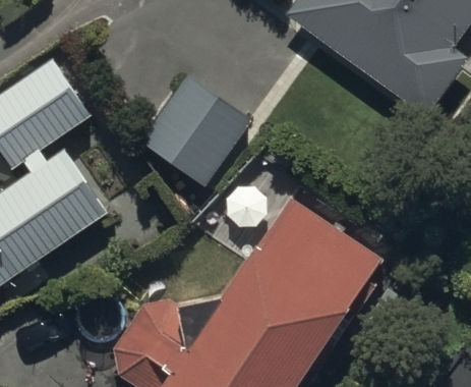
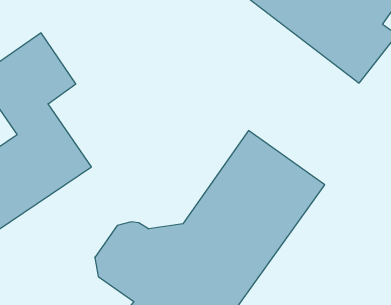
building: [140,79,252,189] -> none

